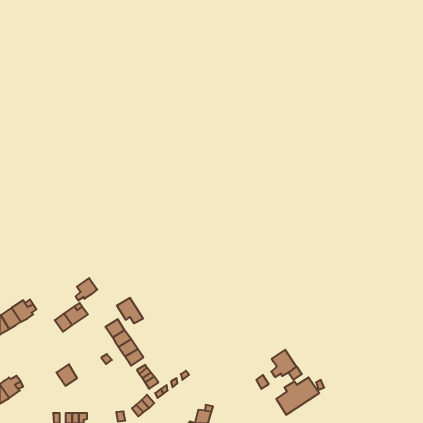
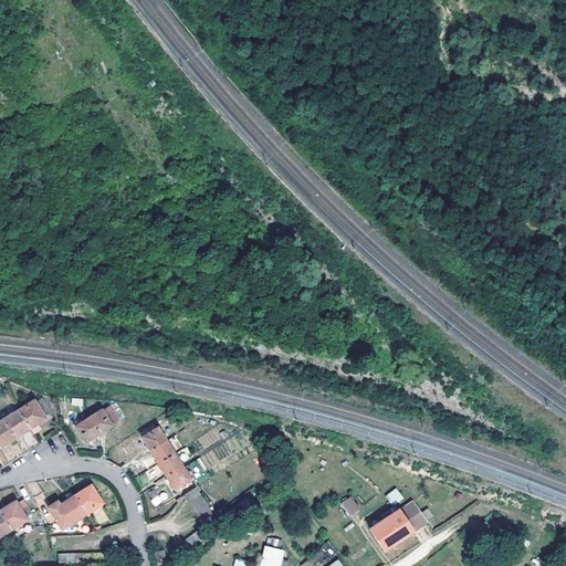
building: [76,278,97,301] -> none
building: [117,298,143,323] -> none
building: [271,350,296,377] -> none
building: none -> [48,494,87,530]

